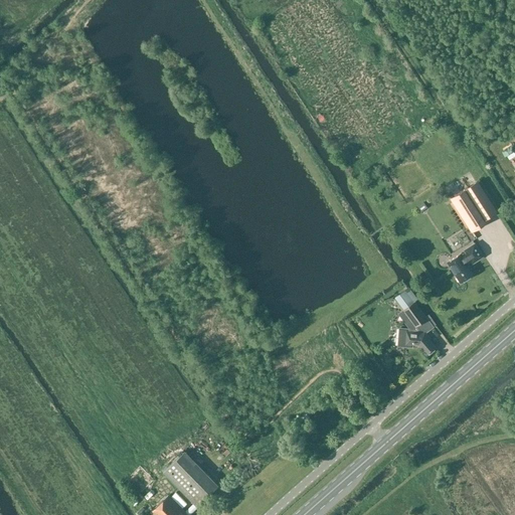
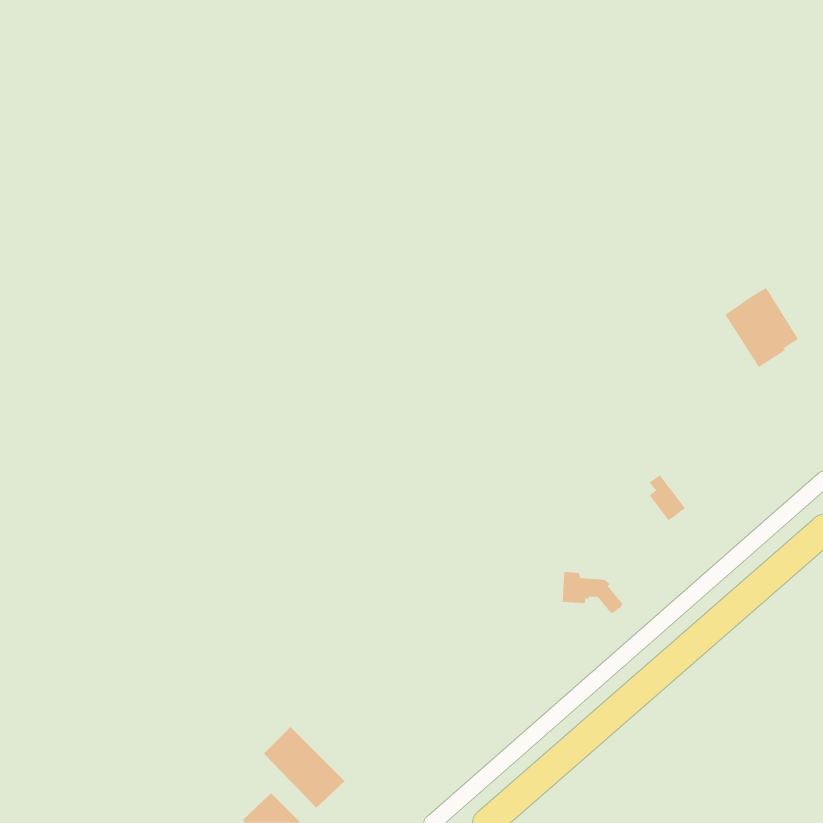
building: [449,241,484,281] -> none
building: [398,326,437,352] -> [562,571,623,613]

